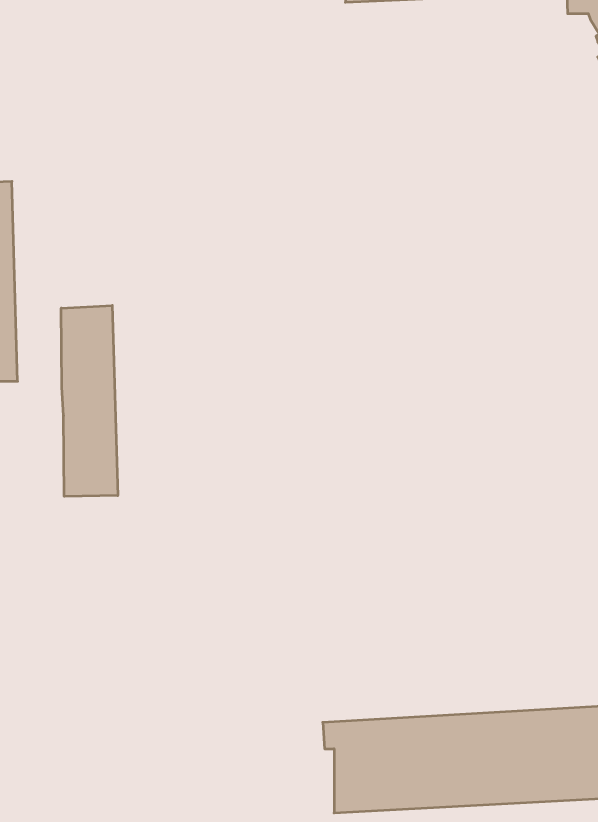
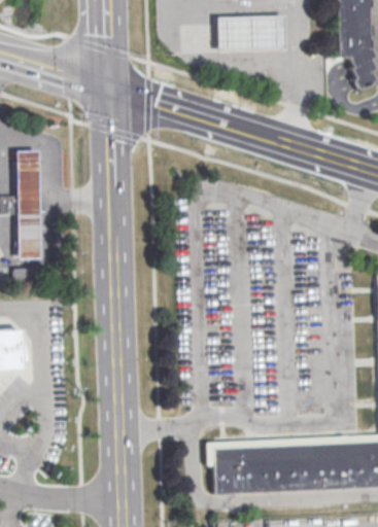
building: [61,305,118,496] -> none

